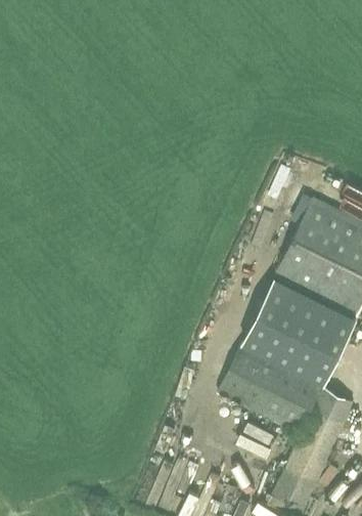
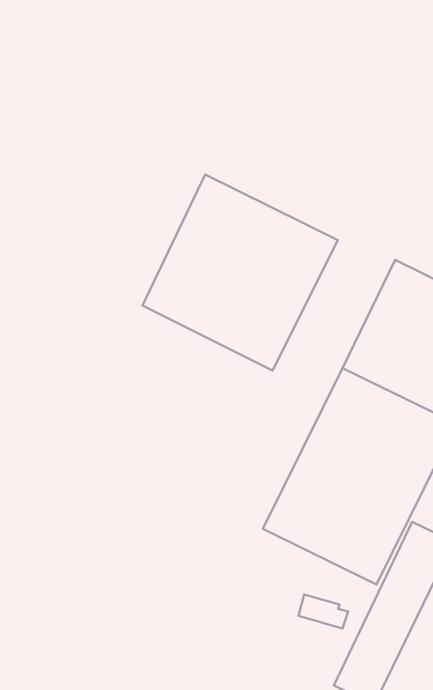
building: none -> [142,175,338,371]

